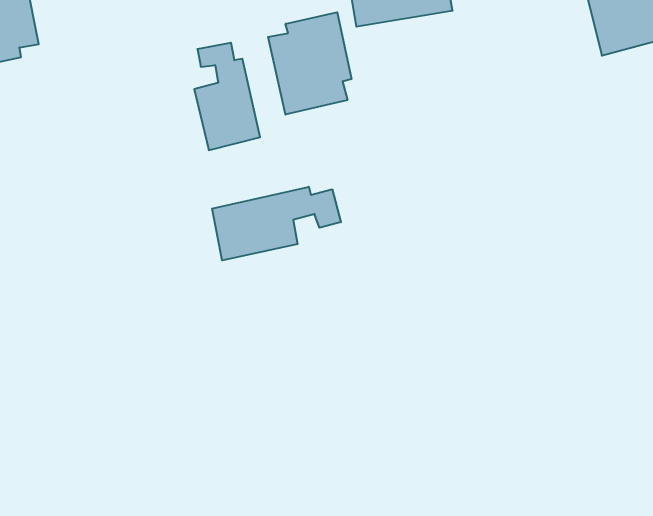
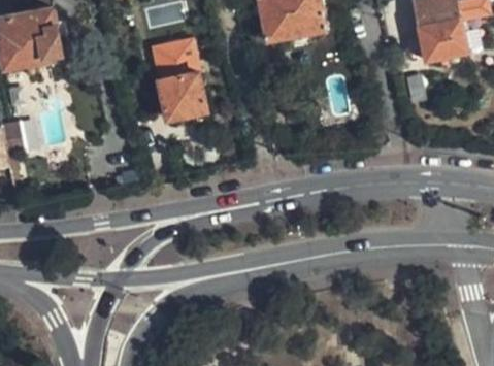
building: [268,12,352,115] -> none
building: [212,187,341,260] -> none

